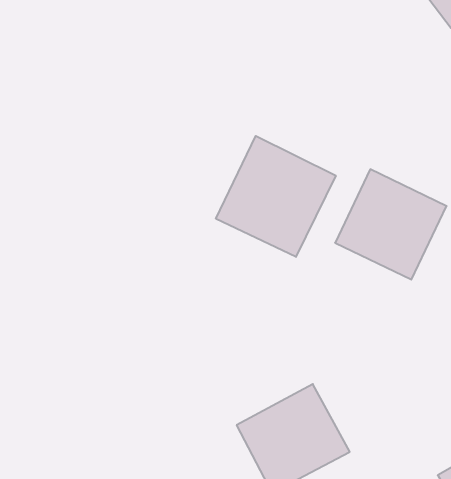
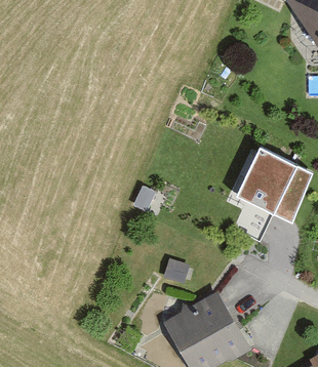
building: [216,136,336,257] -> none

